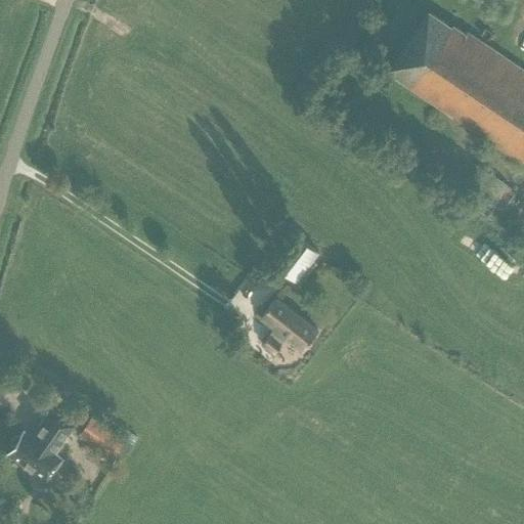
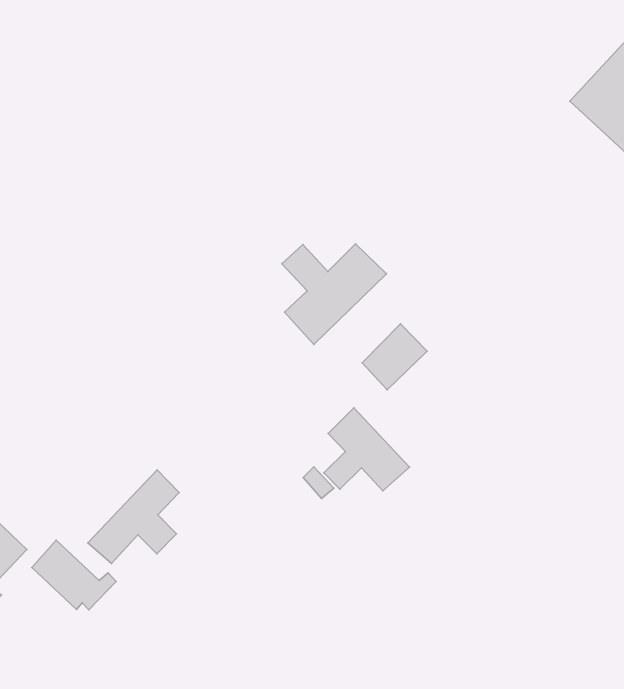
building: none -> [282,244,386,344]
building: none -> [88,470,179,563]

